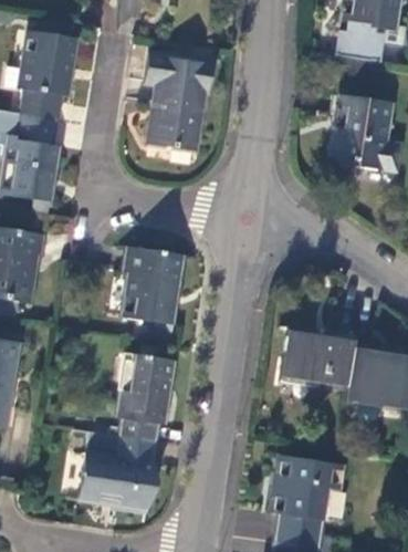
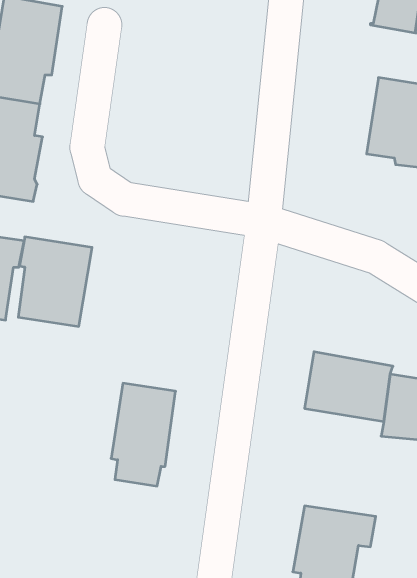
building: [147,55,215,150] -> none
building: [123,248,185,323] -> [18,237,92,326]
building: [80,430,157,509] -> none

